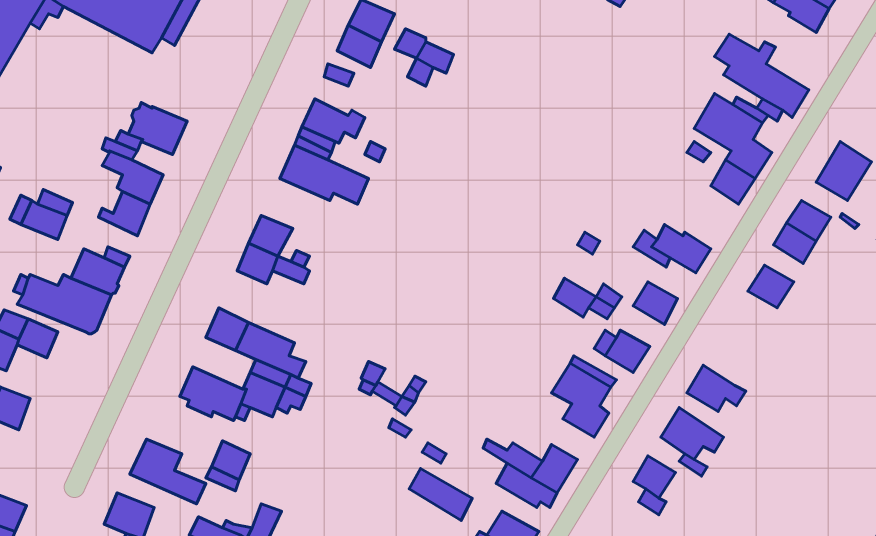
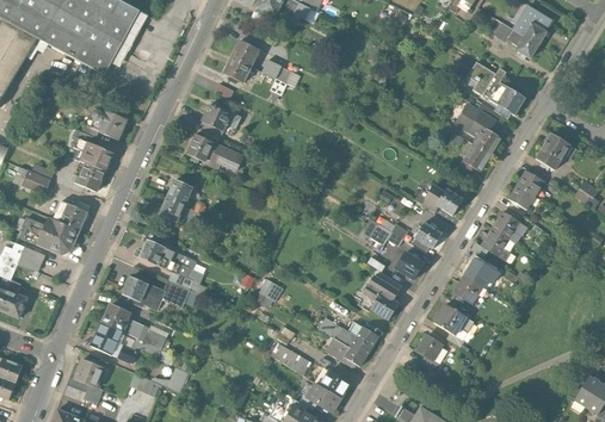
building: none -> [479,226,510,260]
building: none -> [461,257,496,287]
building: none -> [101,302,132,331]

